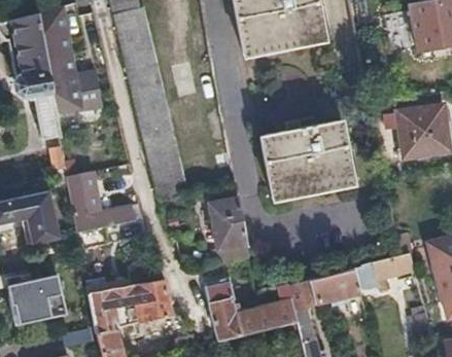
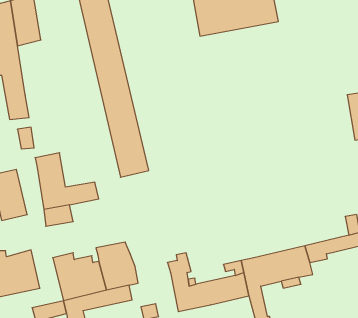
building: [49,53,104,111] -> none
building: [258,120,351,193] -> none
building: [208,197,249,265] -> none

